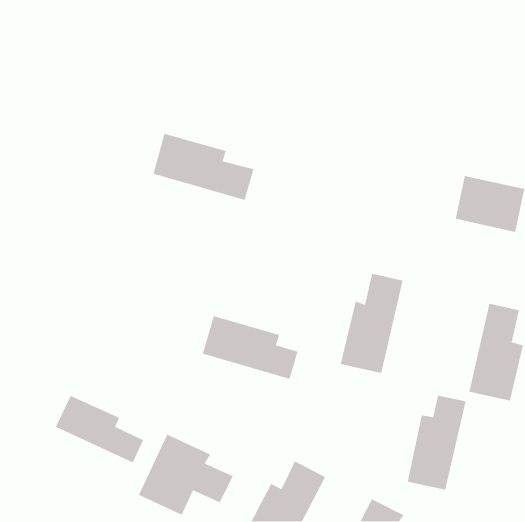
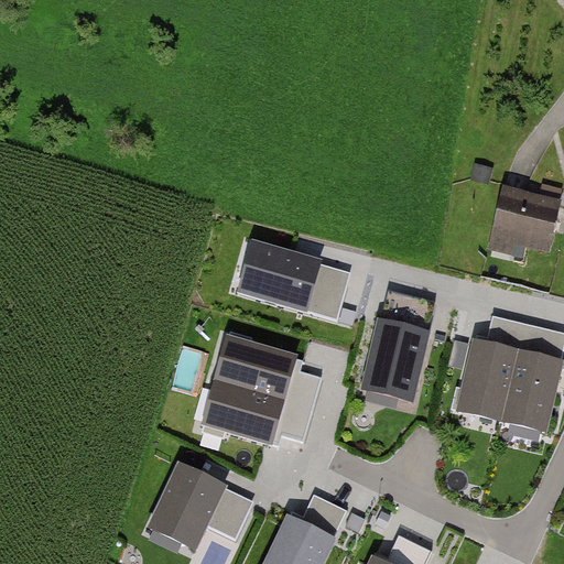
building: [153,133,254,201] -> [238,246,347,318]
building: none -> [203,379,311,442]
building: [55,395,144,464] -> none
building: [407,395,466,491] -> [459,317,523,420]

